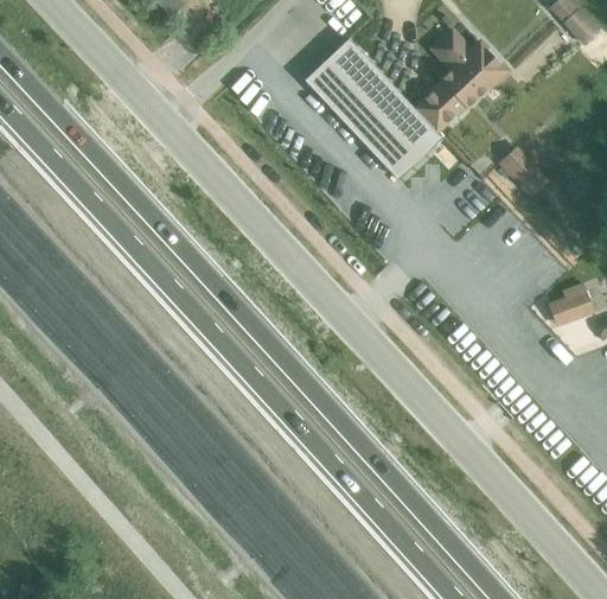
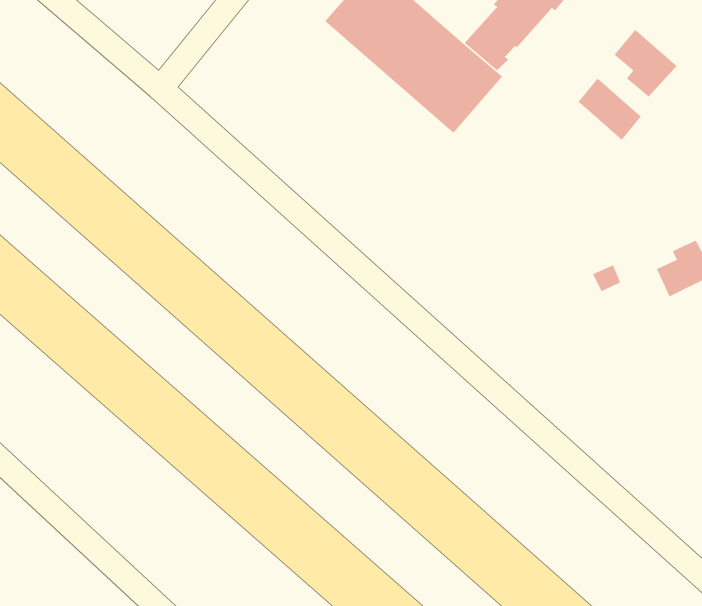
building: none -> [614,29,677,97]

